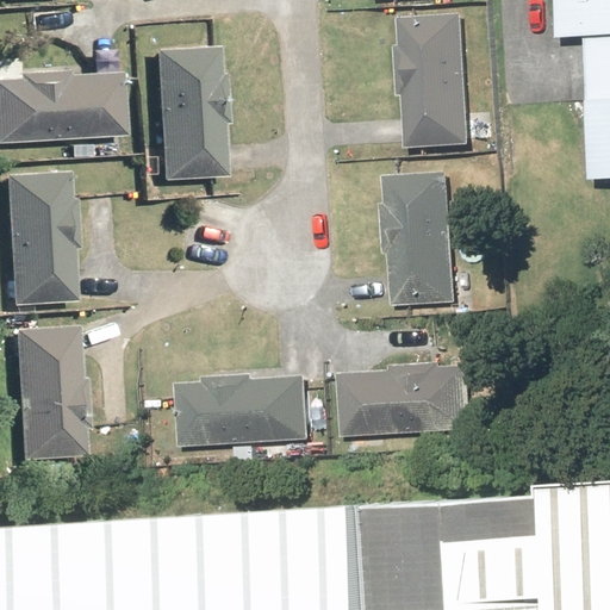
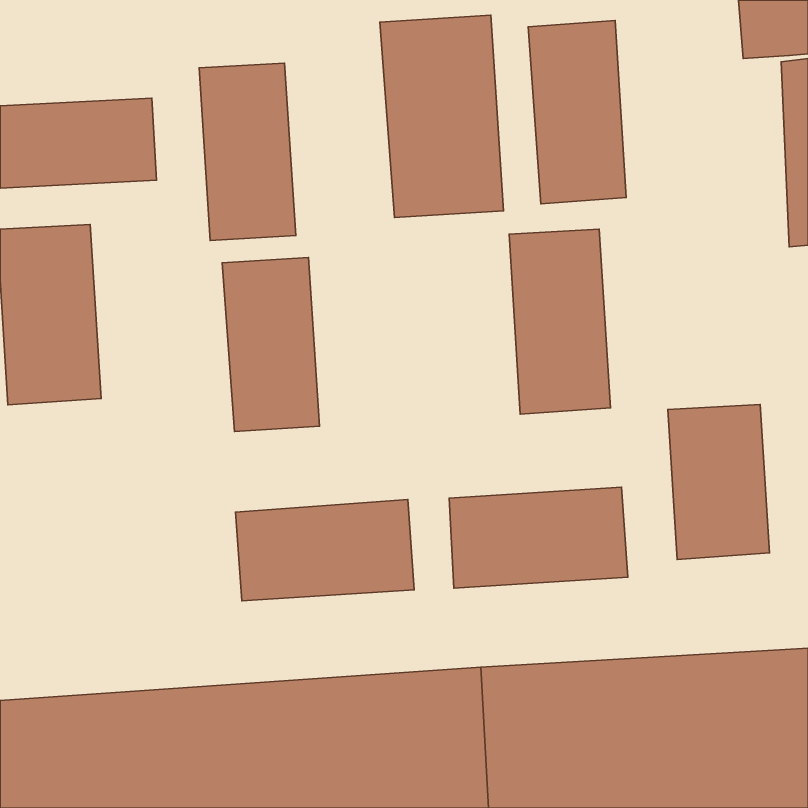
building: none -> [380,15,504,218]
building: none -> [222,257,319,431]
building: none -> [668,404,770,559]
building: [6,325,85,460] -> none

